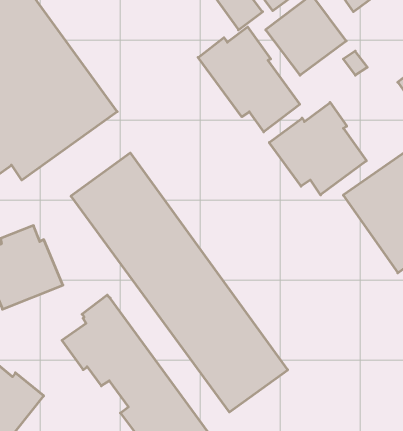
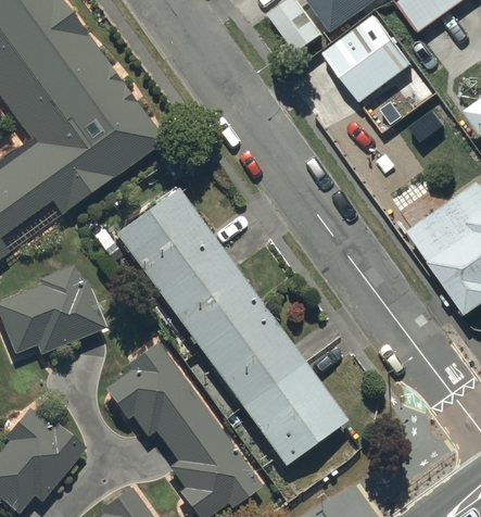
building: [198,27,300,132] -> none
building: [269,102,366,195] -> none

